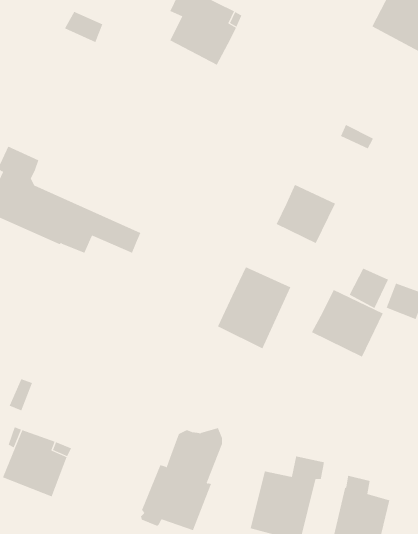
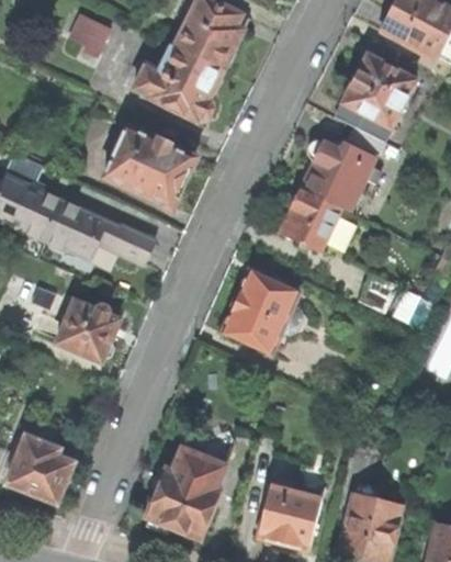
building: none -> [135,42,224,121]
building: none -> [336,54,416,139]
building: none -> [102,126,192,207]
building: none -> [302,140,380,211]
building: [311,289,383,357] -> none
building: none -> [57,301,120,361]

